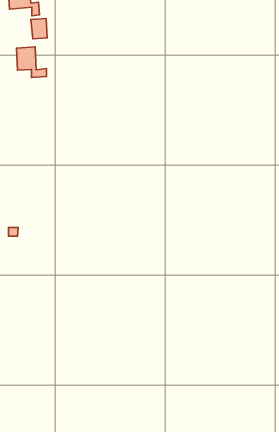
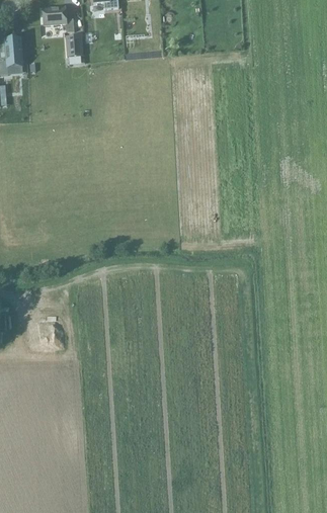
building: [17,47,47,77] -> none

